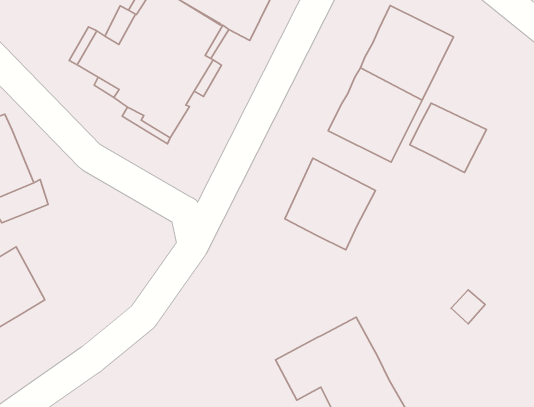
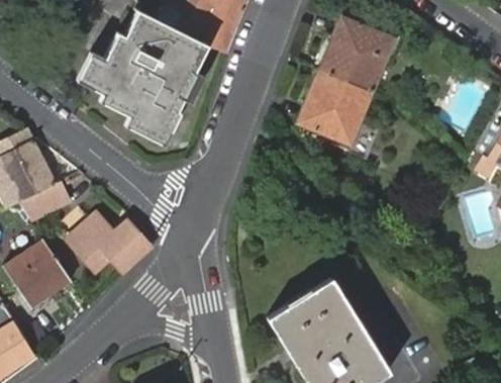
building: [410,103,487,172] -> none
building: [285,158,376,250] -> none
building: none -> [66,212,151,272]

